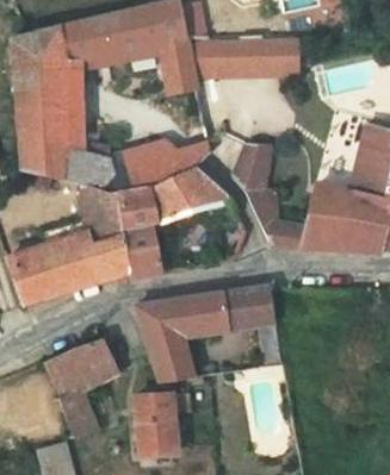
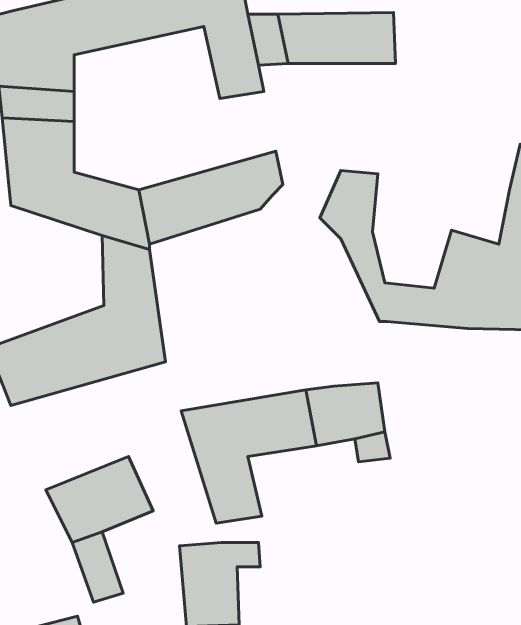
building: [118,169,228,279] -> none

